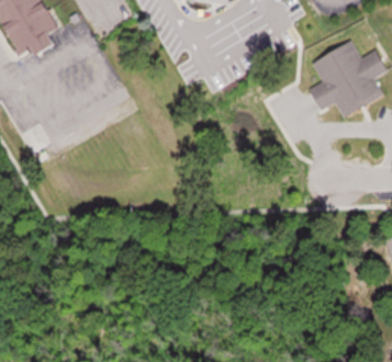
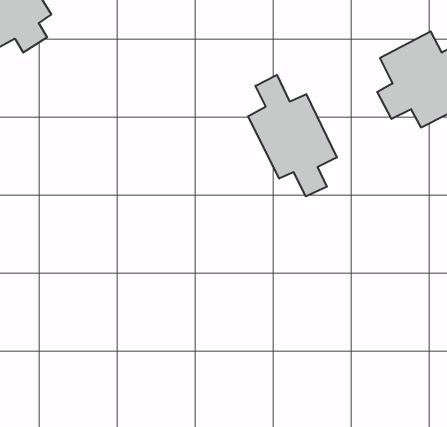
building: none -> [248,75,337,196]

